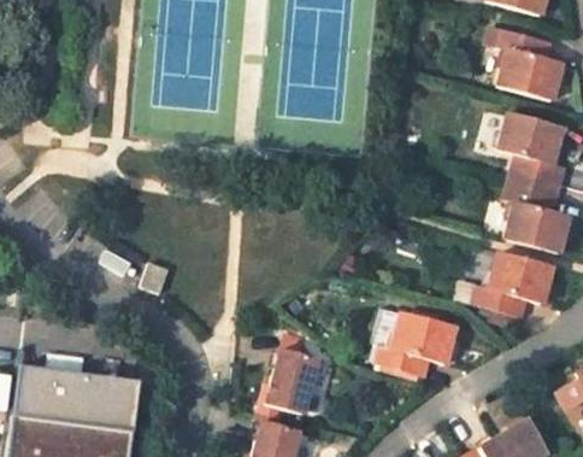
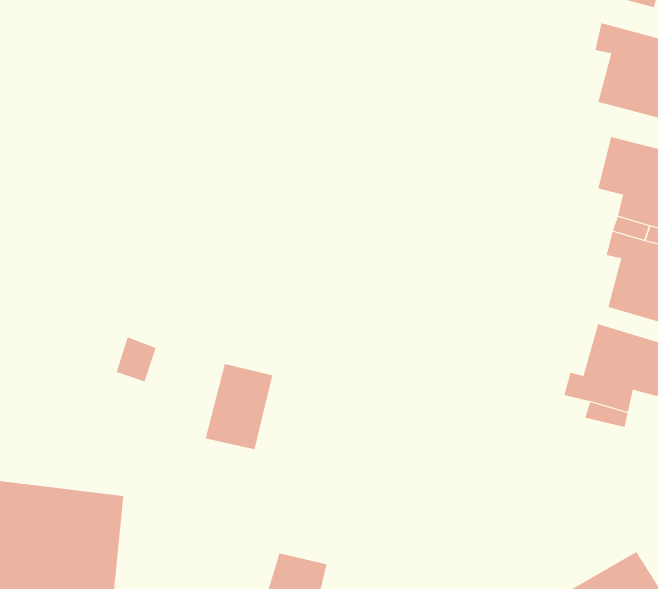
building: [373,307,454,377] -> none
building: [264,350,314,414] -> [205,364,273,450]

